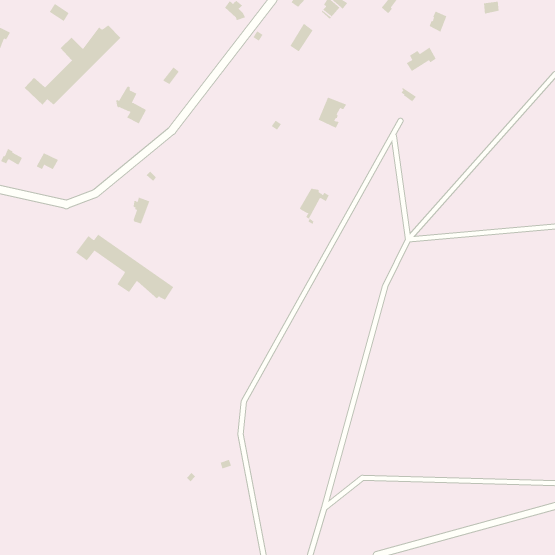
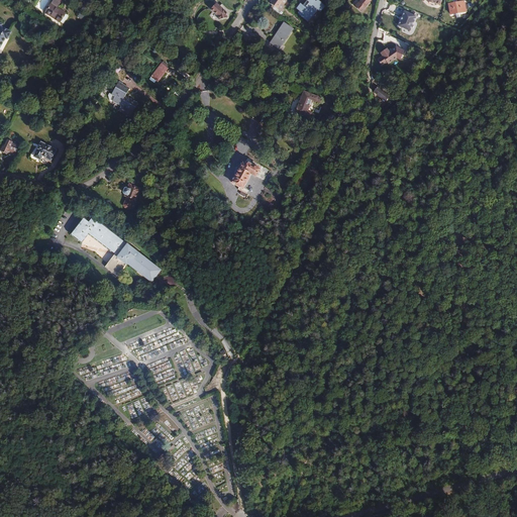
building: [24,24,121,106] -> none
building: [299,188,329,225] -> [230,161,258,195]

